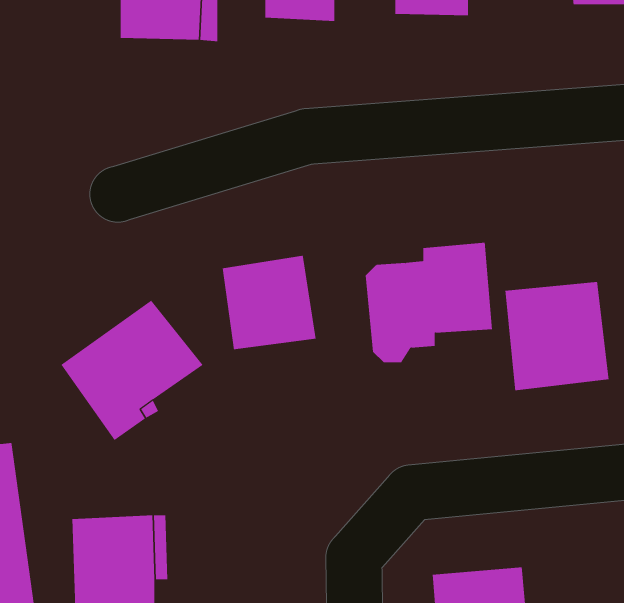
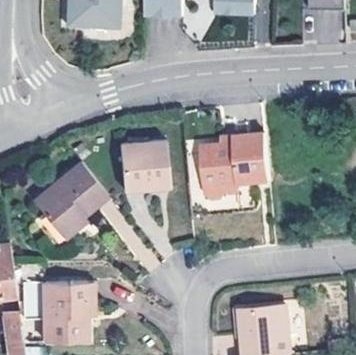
building: [505,281,609,391] -> none

